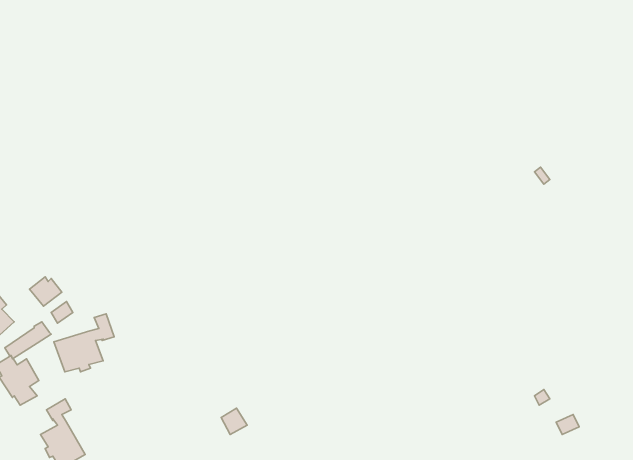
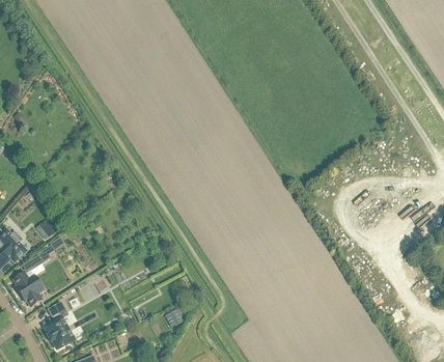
building: [54,314,114,372] -> none

